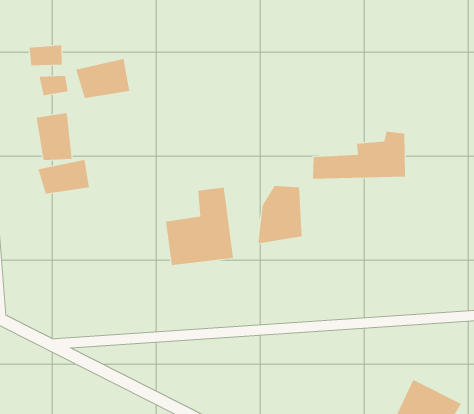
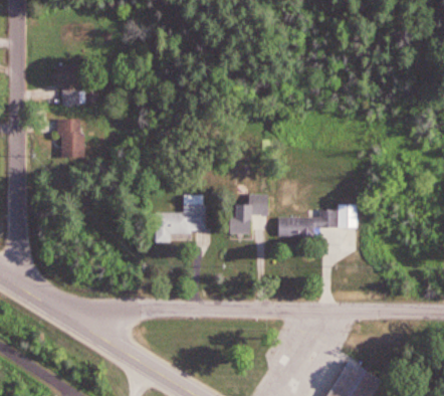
building: [76,58,130,99] -> none
building: [312,131,406,179] -> [277,200,356,238]
building: [38,159,89,194] -> none

